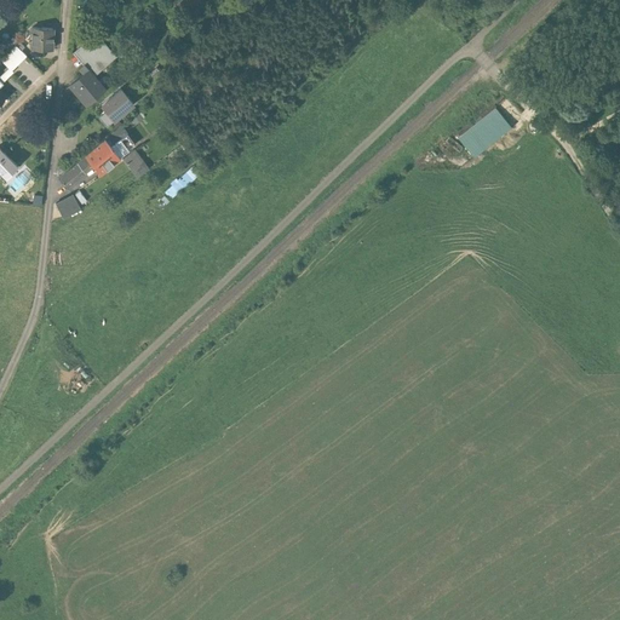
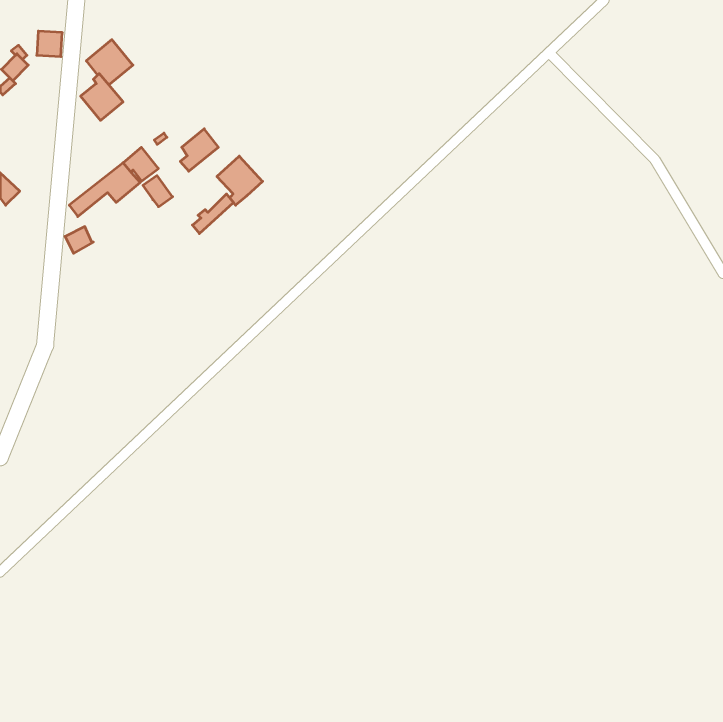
building: [99,88,132,125] -> [180,129,218,171]
building: [459,107,513,157] -> none
building: none -> [217,156,263,205]

